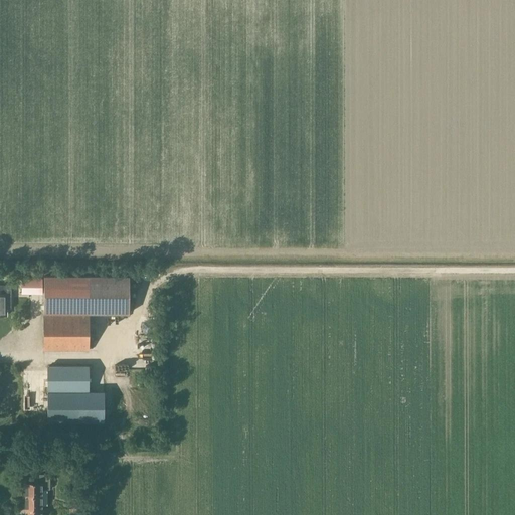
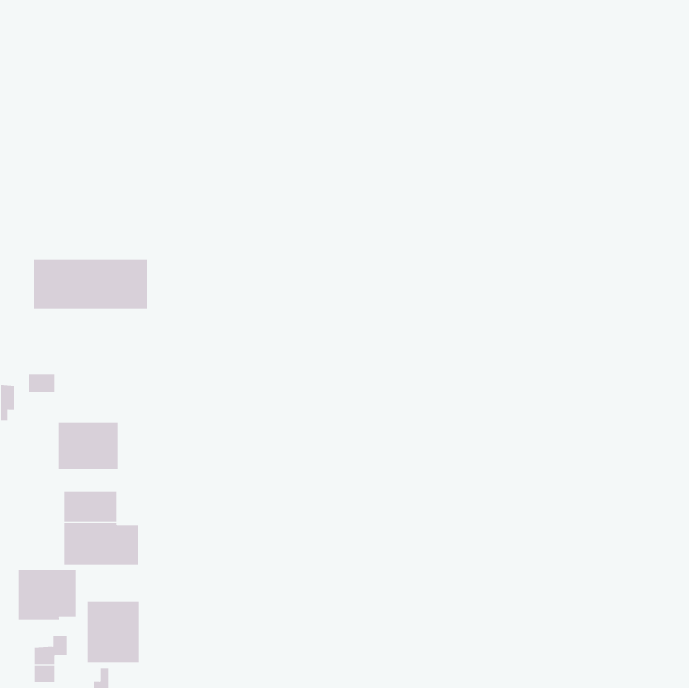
building: [43,277,129,314] -> [33,259,148,309]
building: none -> [18,569,76,621]
building: none -> [87,601,139,663]

